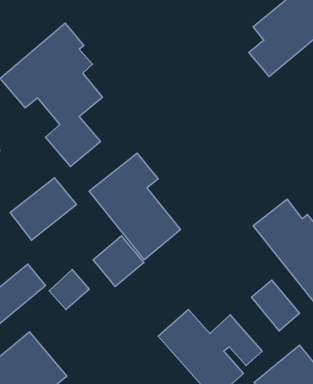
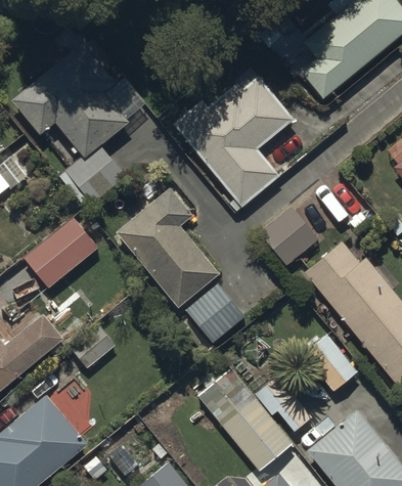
building: none -> [172,76,294,208]
building: none -> [258,204,318,264]
building: [93,236,144,287] -> [185,283,243,342]

